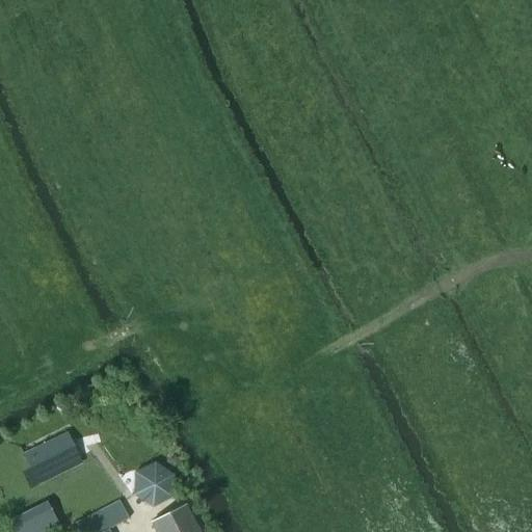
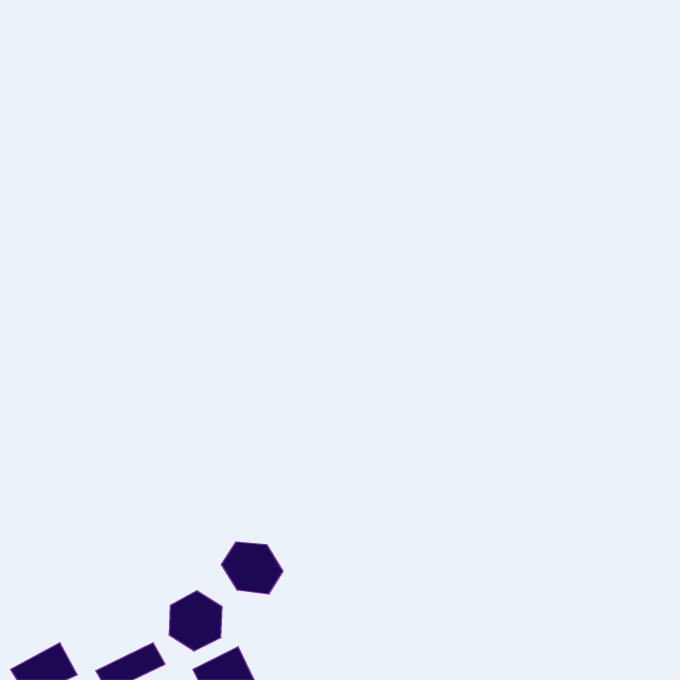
building: none -> [222,542,283,594]
building: [23,433,80,480] -> none

